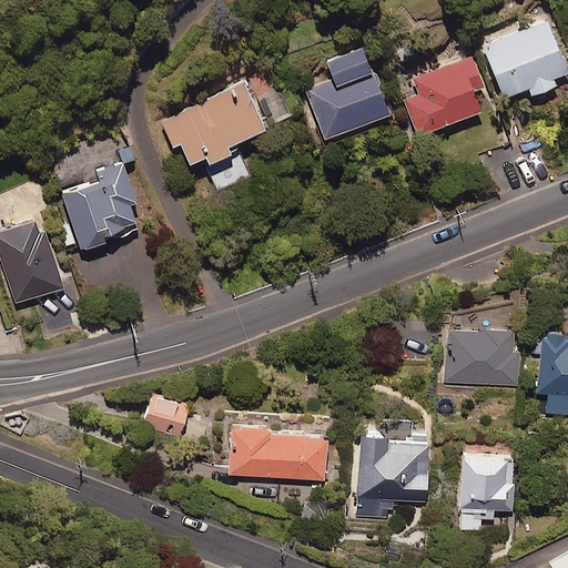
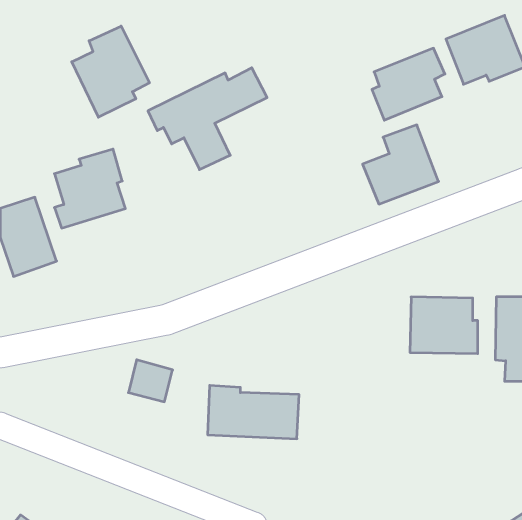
building: none -> [72,26,149,117]
building: [306,51,388,136] -> [363,125,439,204]
building: [356,423,427,521] -> none
building: [462,449,513,534] -> none

